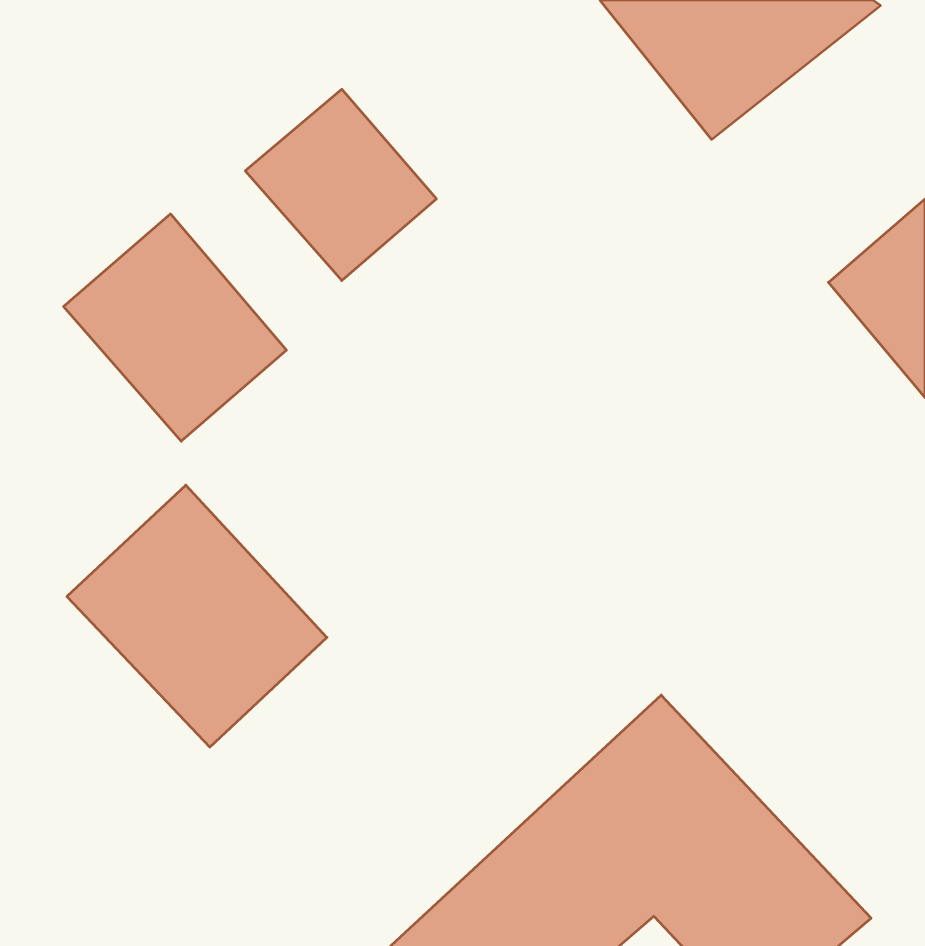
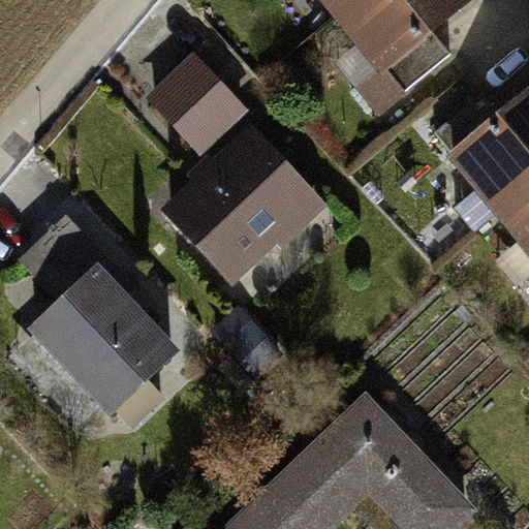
building: none -> [154,120,325,289]
building: [64,214,286,441] -> none

